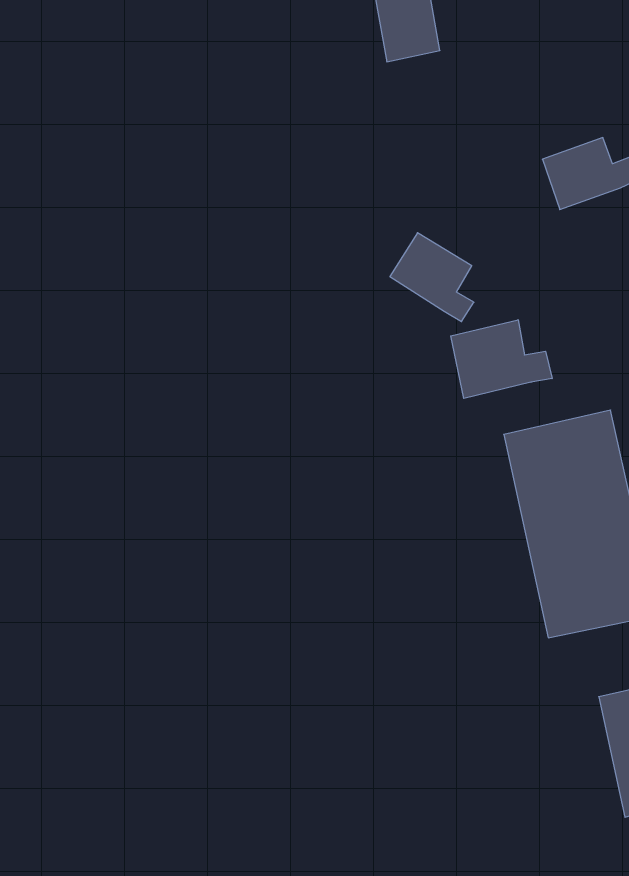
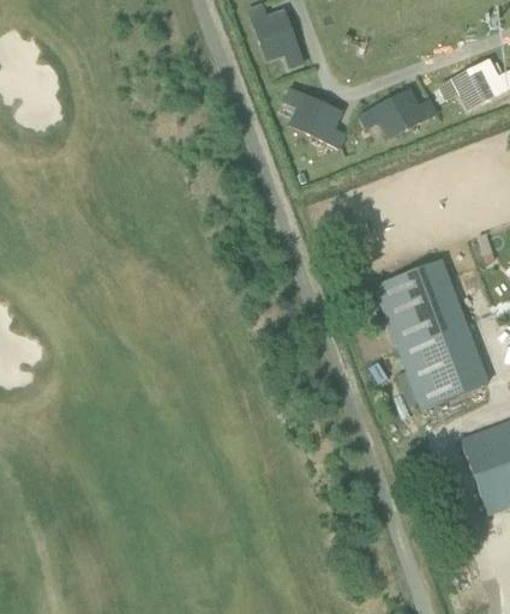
building: [390,233,474,322] -> [292,95,347,146]
building: [451,320,552,398] -> none

